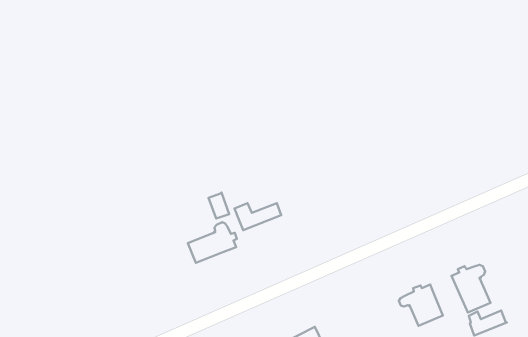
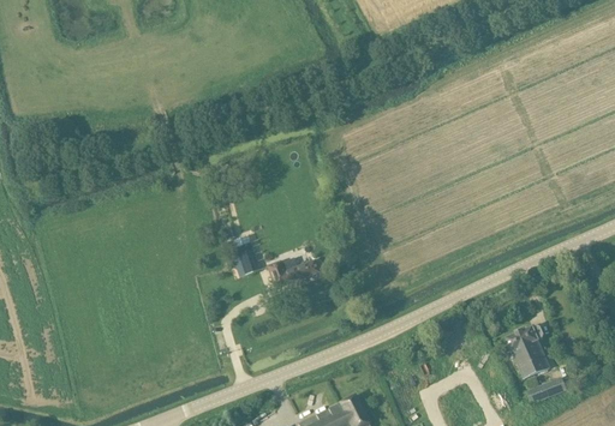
building: [188,222,237,263] -> none
building: [399,285,443,326] -> none

